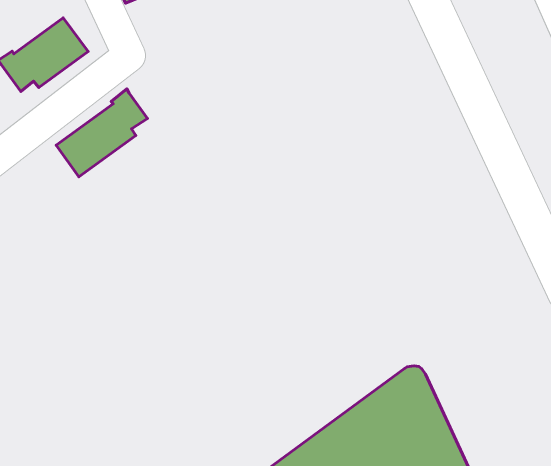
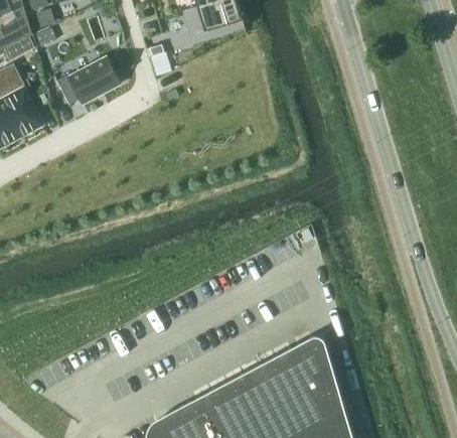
building: [56,89,147,177] -> none

